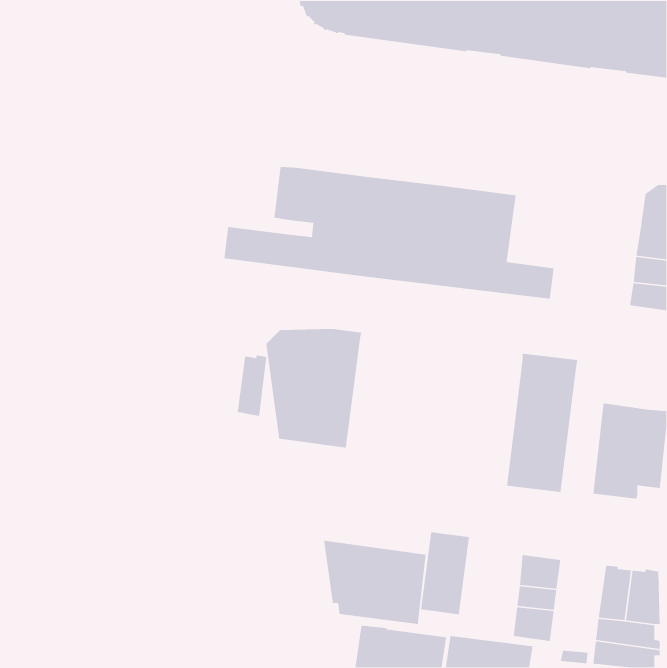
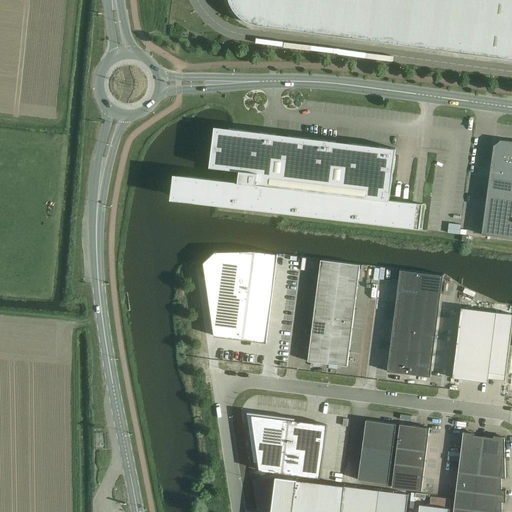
building: none -> [307,260,359,366]
building: [237,355,267,417] -> none
building: [420,531,470,615] -> [357,420,395,484]

